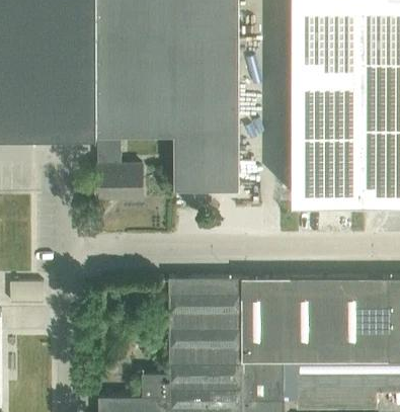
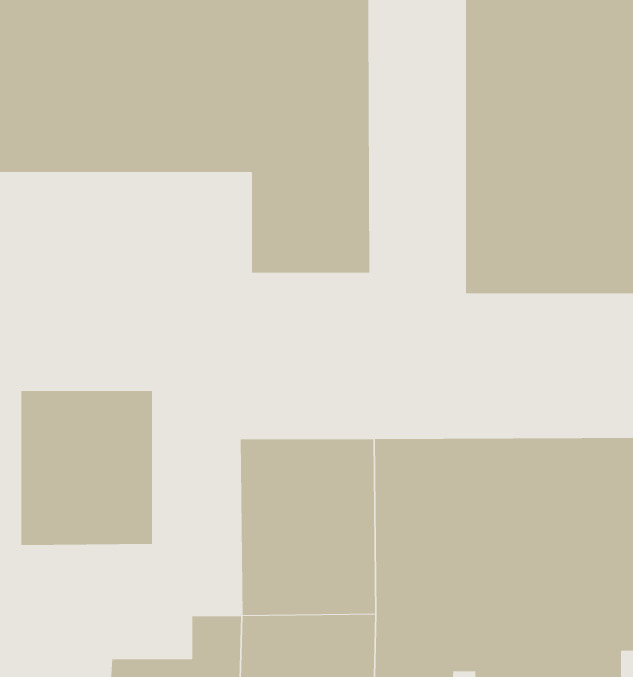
building: [98,137,144,202] -> none
building: none -> [21,390,152,546]

